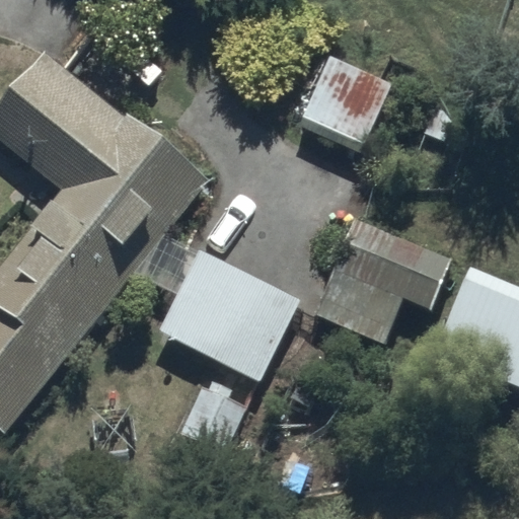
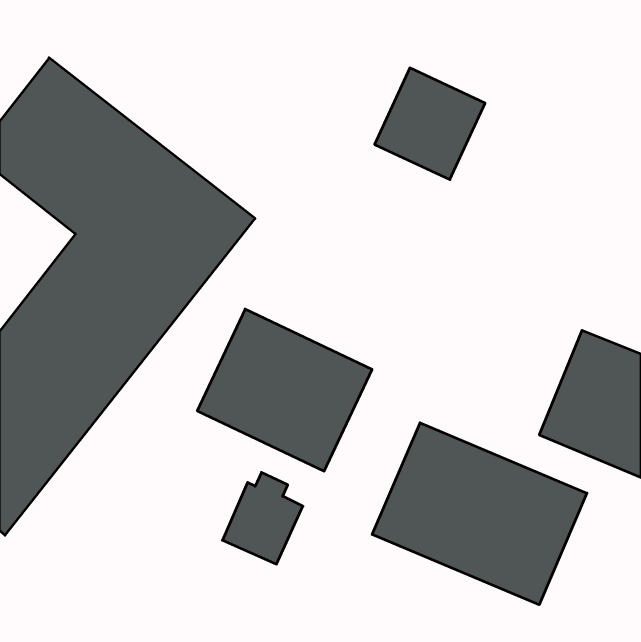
building: [315,219,452,345] -> none
building: none -> [372,423,587,605]

